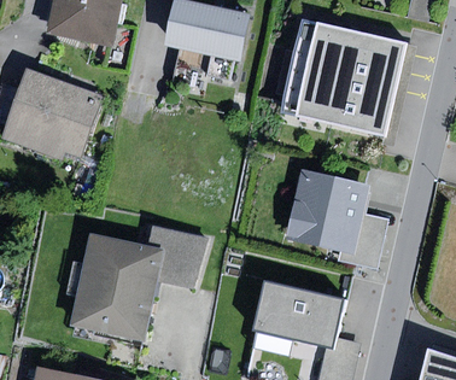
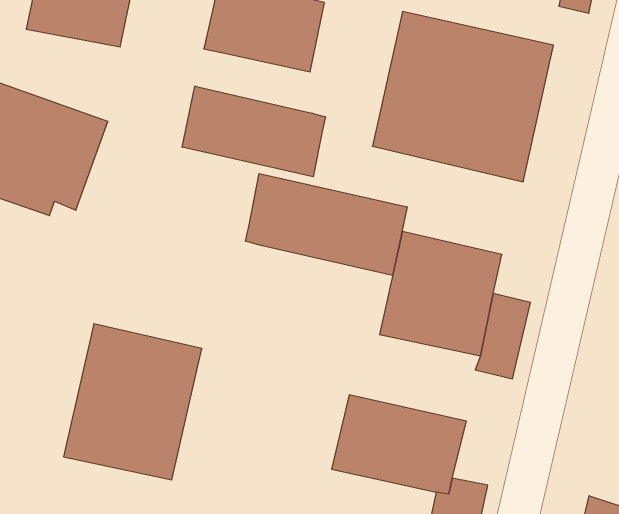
building: none -> [182,86,325,177]
building: none -> [245,174,407,276]
building: [157,229,207,290] -> none

